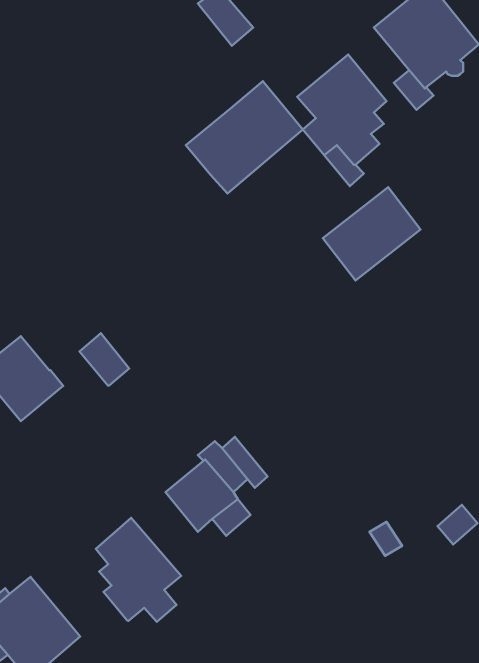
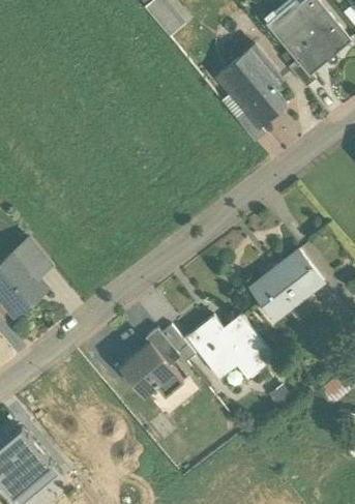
building: [186,81,303,194] -> none
building: [323,187,421,281] -> [253,250,324,319]
building: [79,333,129,386] -> [16,238,52,276]
building: none -> [187,315,274,378]
building: [96,518,181,622] -> none

